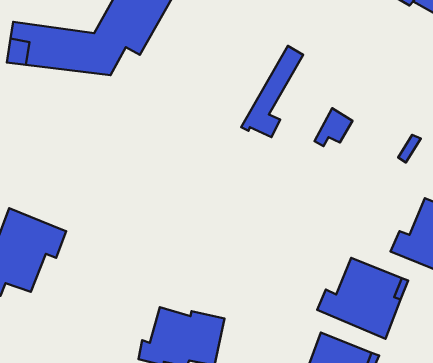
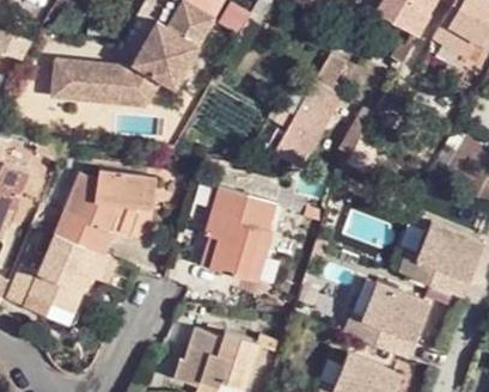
building: none -> [51,170,145,253]
building: none -> [194,183,274,275]

